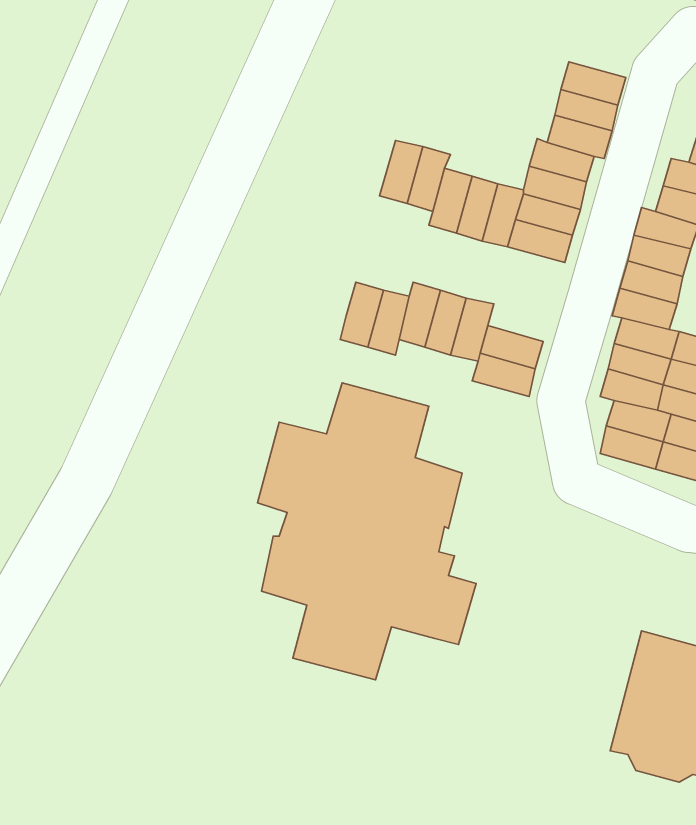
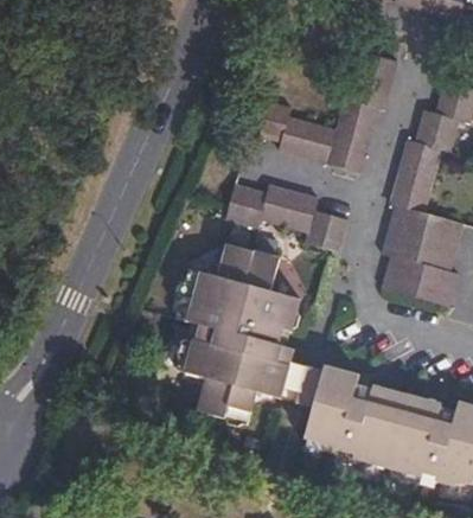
building: none -> [298,364,408,467]

